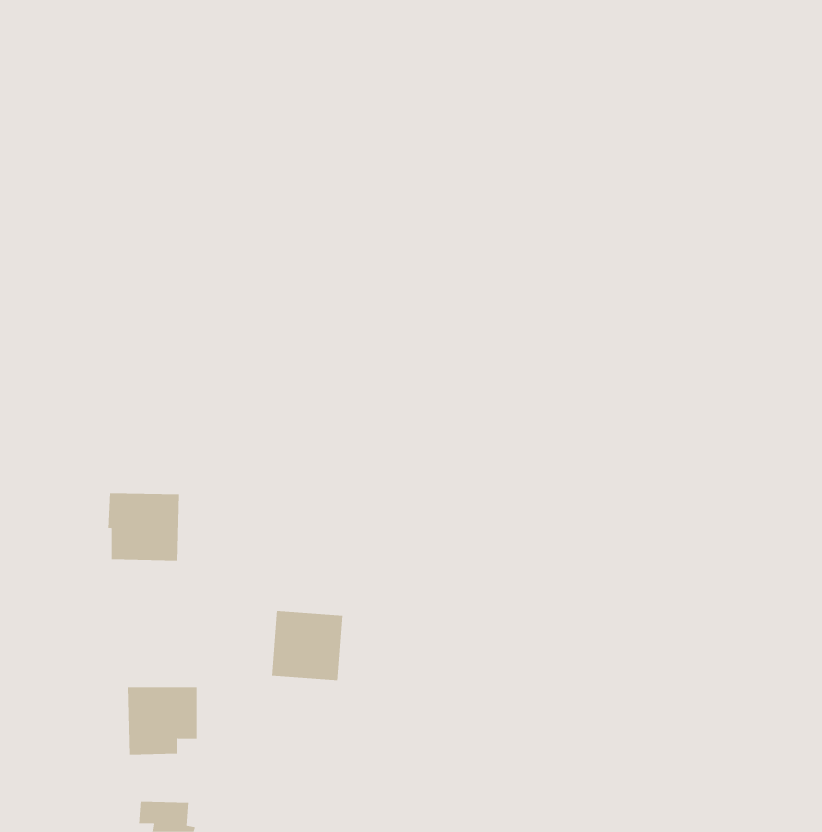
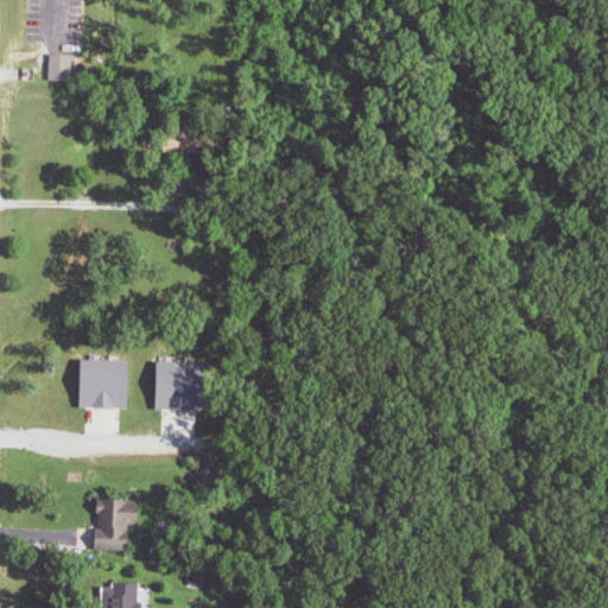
building: none -> [46,52,71,80]
building: [271,611,343,681] -> [150,360,202,411]

